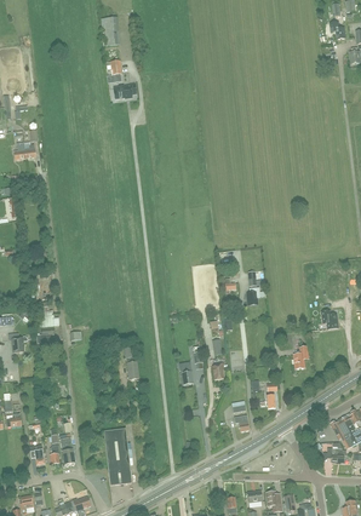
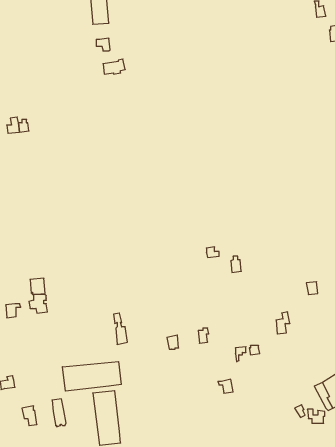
building: none -> [62,362,121,391]

